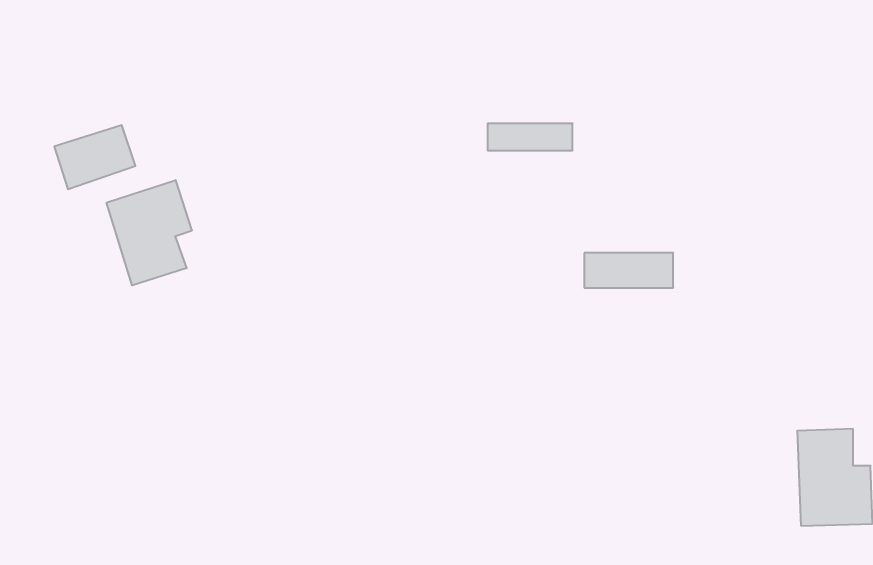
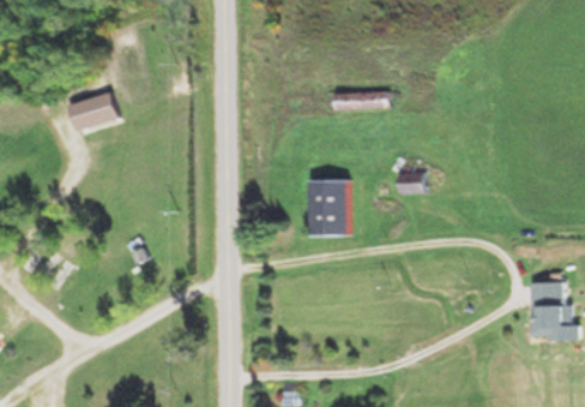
building: [107,180,192,285] -> none
building: none -> [313,179,350,234]

